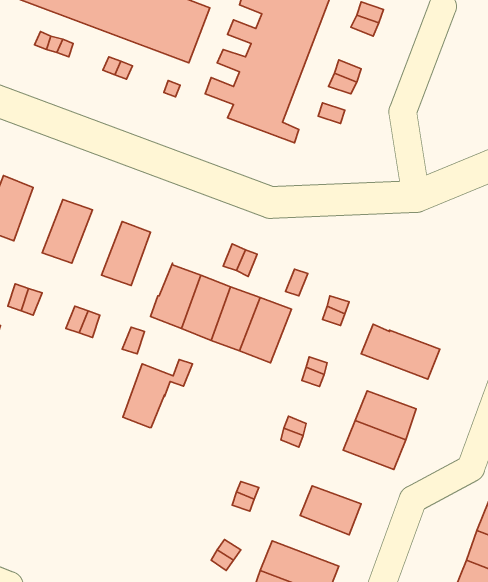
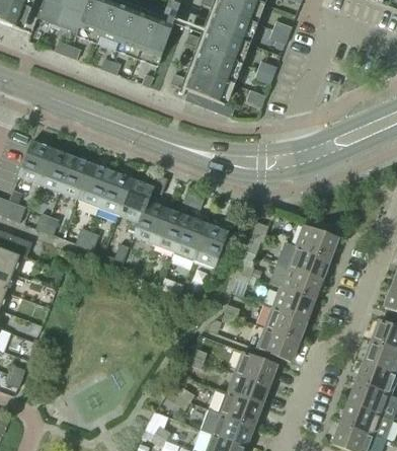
building: none -> [39,147,73,192]
building: none -> [79,162,113,207]
building: none -> [296,223,337,257]
building: none -> [269,260,322,298]
building: [123,359,193,428] -> [120,174,167,221]
building: none -> [257,326,299,361]
building: none -> [216,371,268,405]

